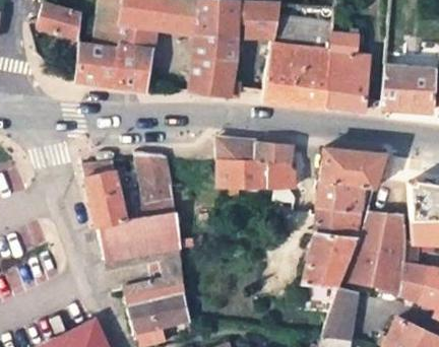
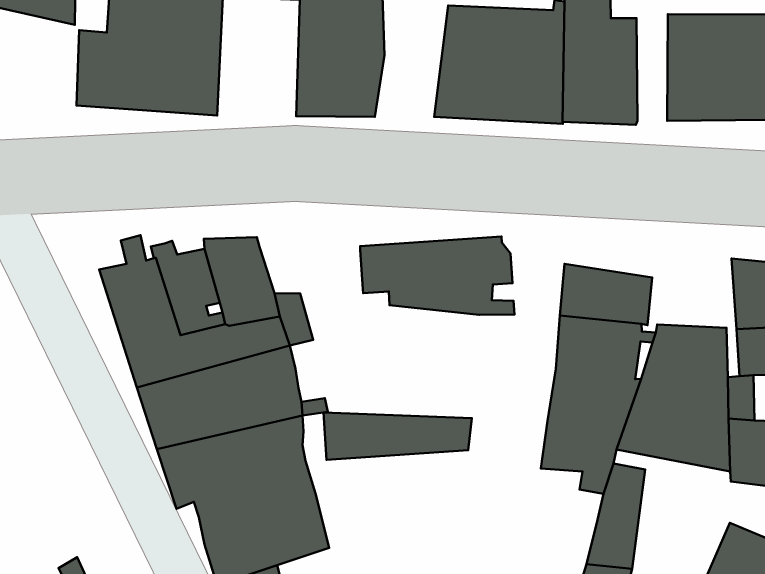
building: [217,138,294,162] -> [323,413,472,460]
building: [322,148,387,190] -> none

